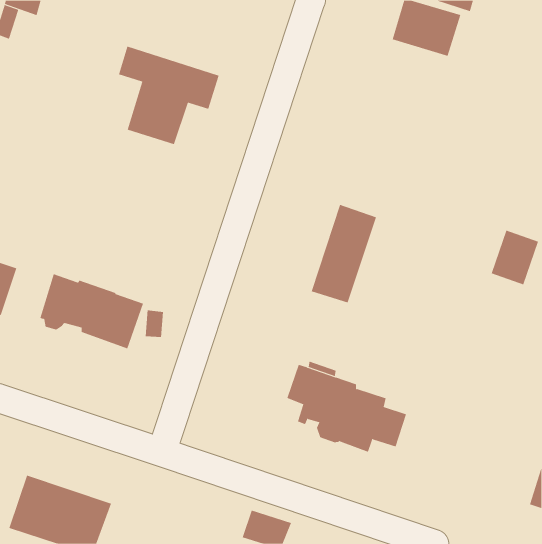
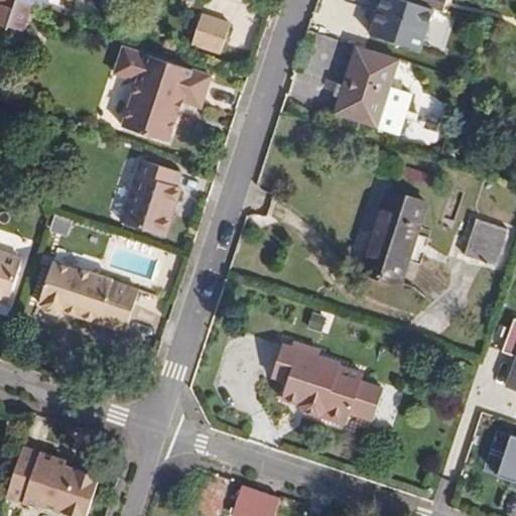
building: none -> [189,12,227,49]
building: none -> [336,50,411,137]
building: none -> [115,154,174,230]
building: [311,204,377,303] -> [367,189,429,283]

